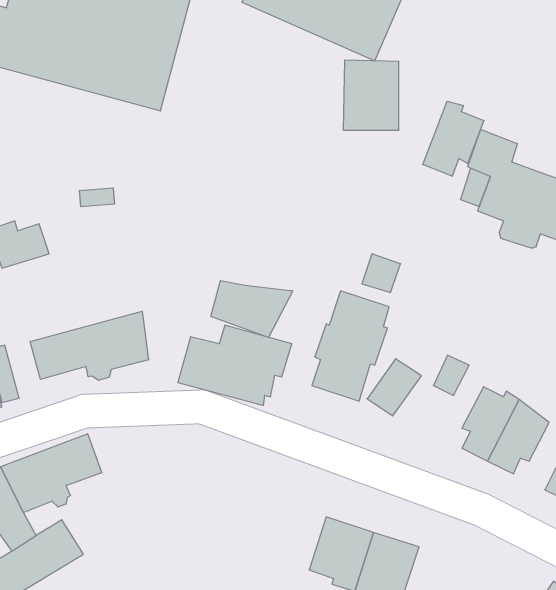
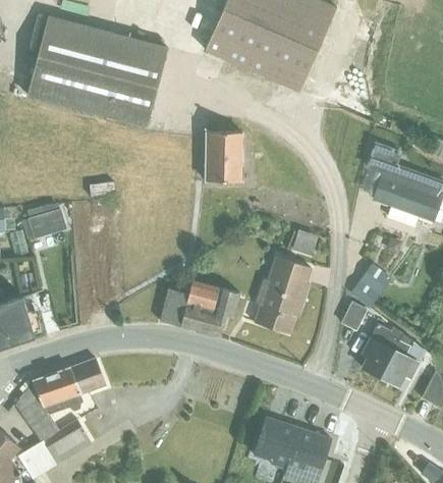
building: [343,60,399,130] -> [204,131,243,181]
building: [423,101,484,176] -> none
building: [211,280,293,337] -> none
building: [30,311,148,380] -> none
building: [367,359,421,416] -> [351,265,390,306]

